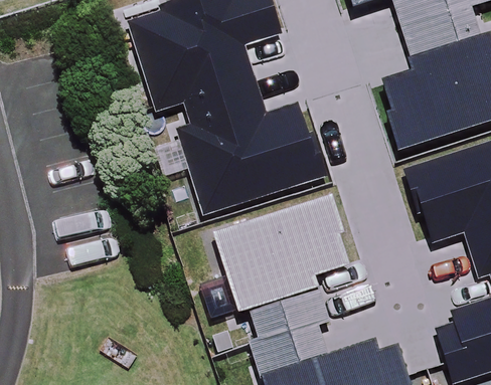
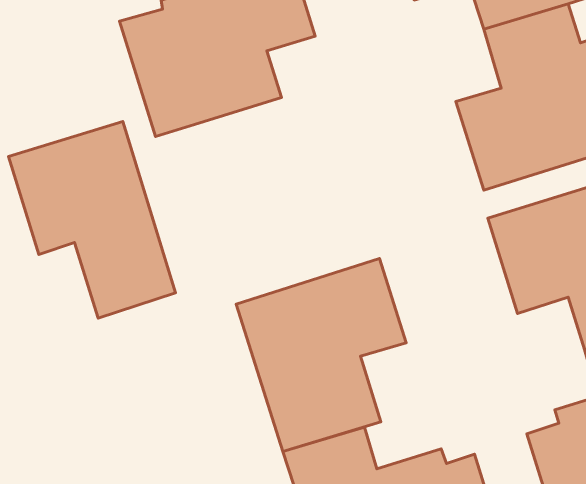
building: [178,77,318,212] -> none
building: none -> [9,122,175,318]

